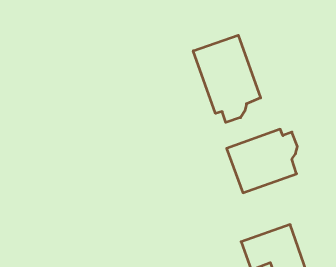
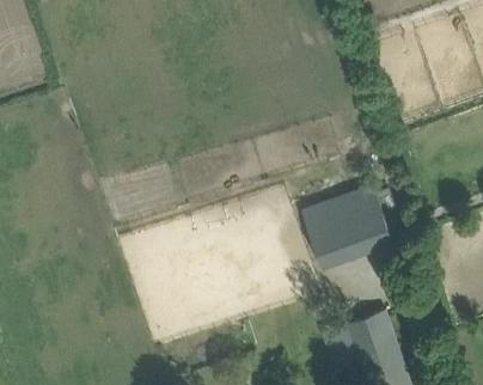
building: [193,35,261,122] -> none

